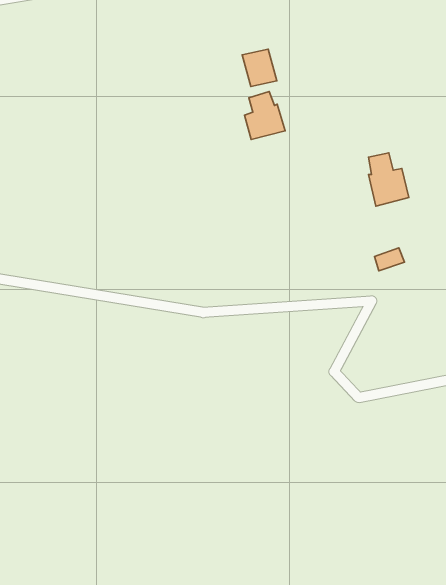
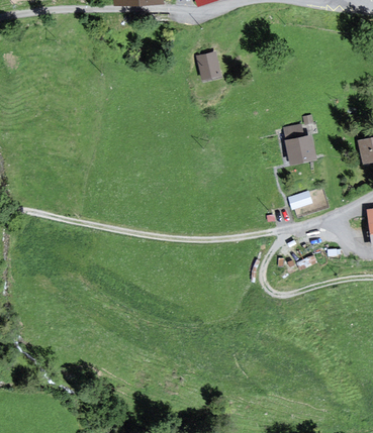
building: [244,92,285,140] -> none

